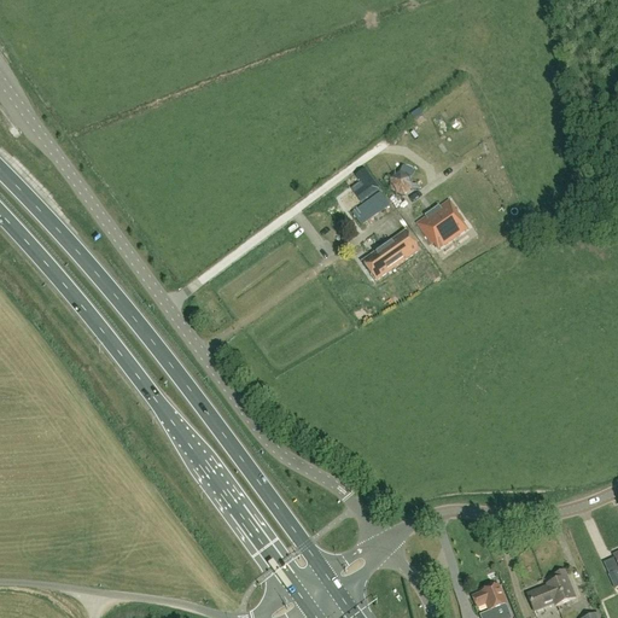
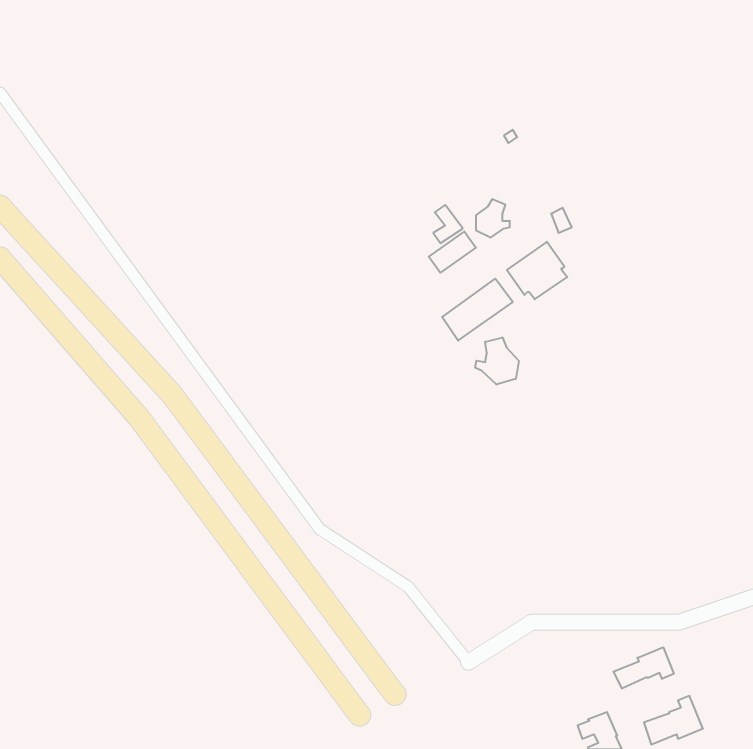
building: none -> [475,337,519,385]
building: none -> [613,647,674,689]

